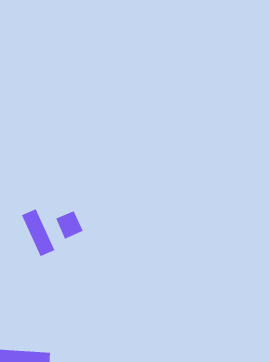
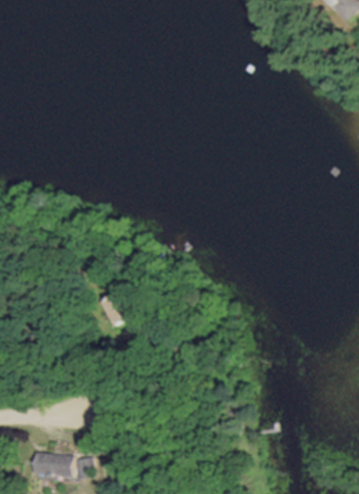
building: [21,208,55,257] -> none

